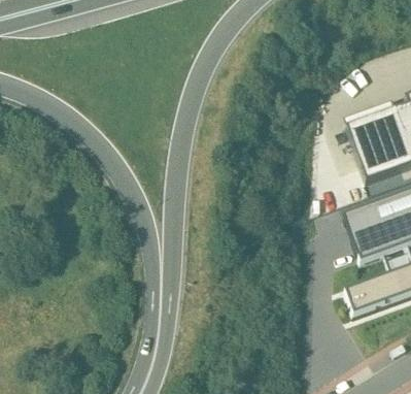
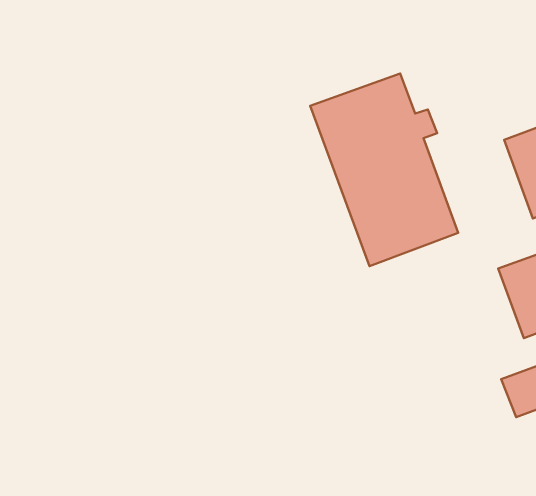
building: none -> [310,74,458,266]

